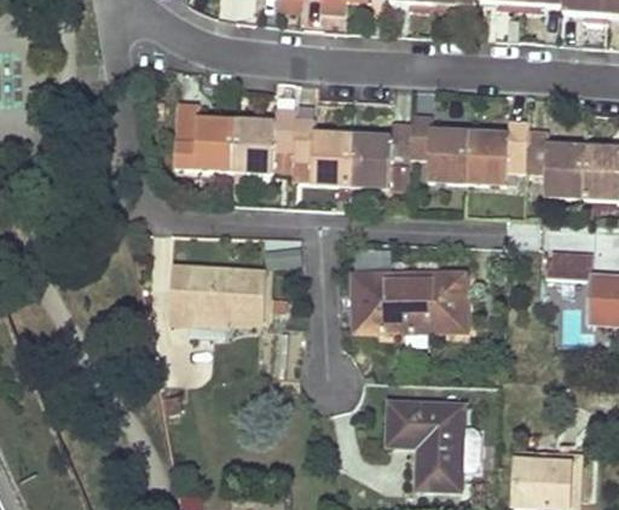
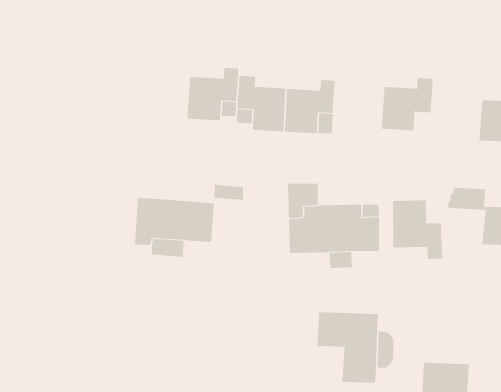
building: [175,100,236,169] -> none
building: [409,115,469,181] -> none
building: [526,129,586,196] -> none
building: none -> [393,200,443,260]

